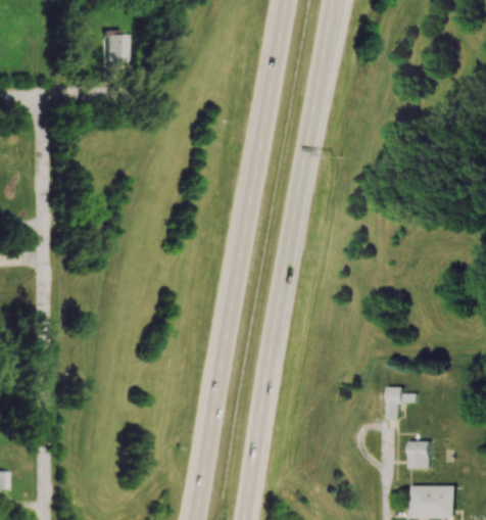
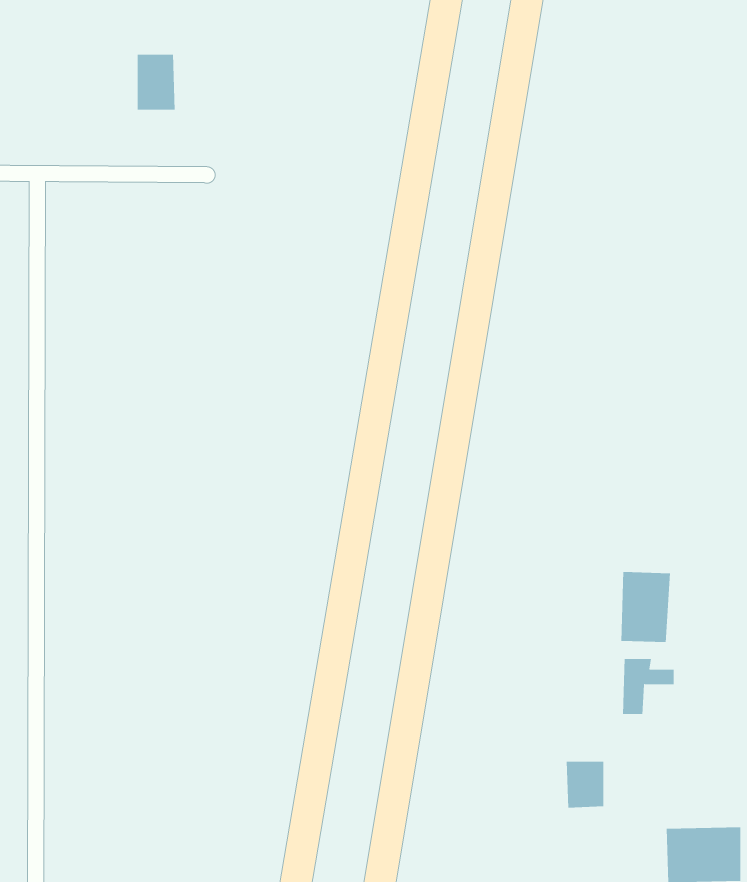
building: none -> [621,571,670,643]
building: [407,441,430,469] -> [566,761,604,808]

